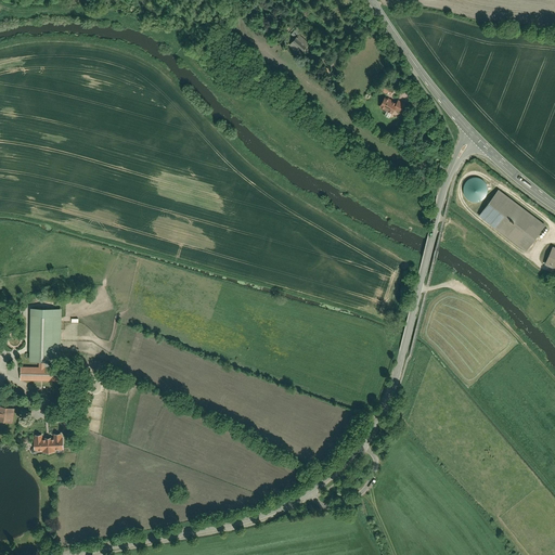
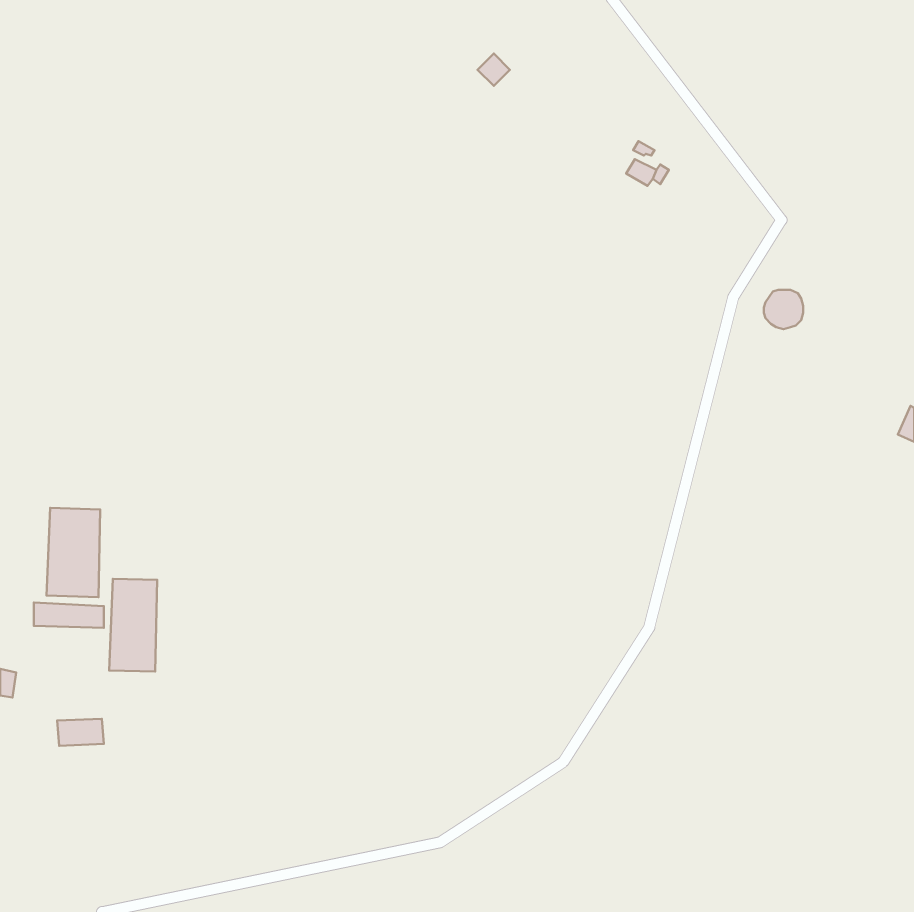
building: [478,189,546,251] -> none
building: none -> [109,579,157,672]

